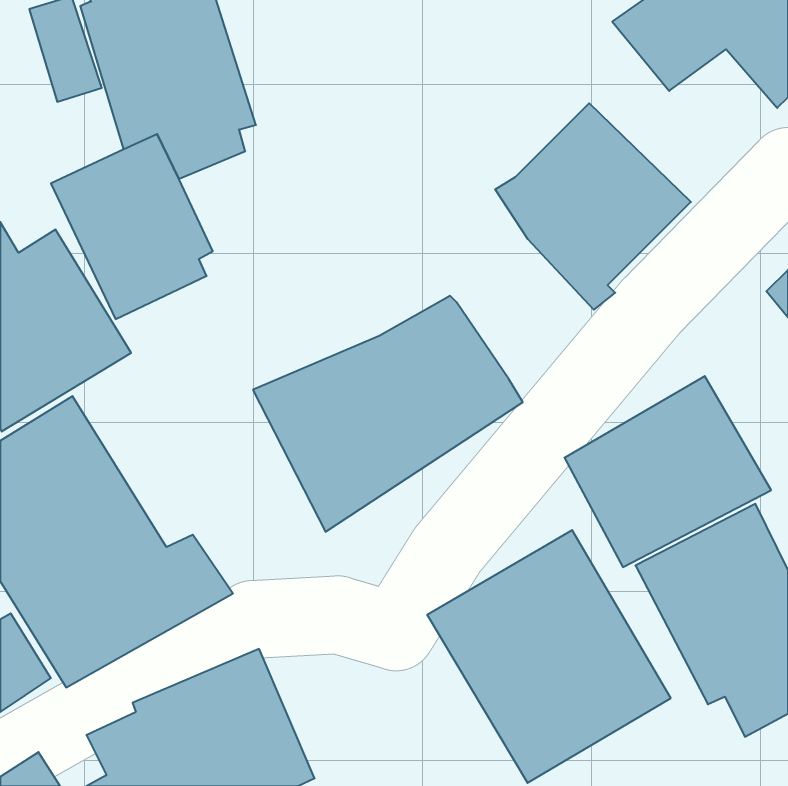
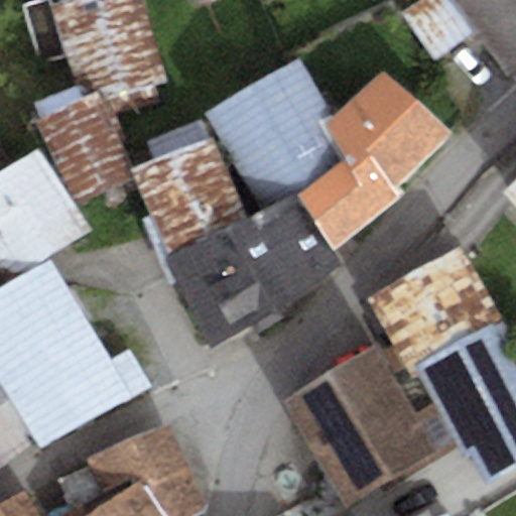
building: none -> [205,54,342,203]
building: none -> [130,119,248,255]
building: none -> [298,156,388,248]

